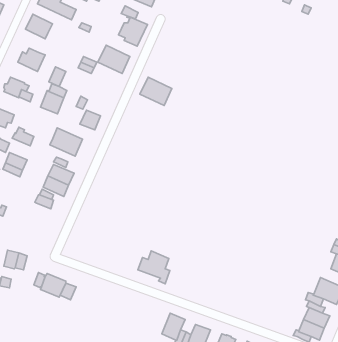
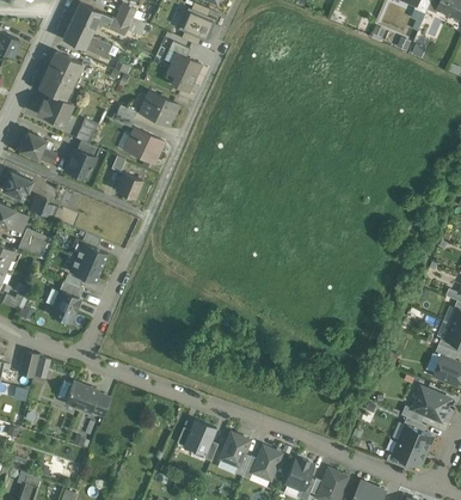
building: none -> [38,71,73,100]
building: [140,77,172,105] -> [123,128,164,164]
building: [50,128,83,156] -> none
building: none -> [50,292,80,322]
building: [138,251,170,284] -> [177,419,217,461]

